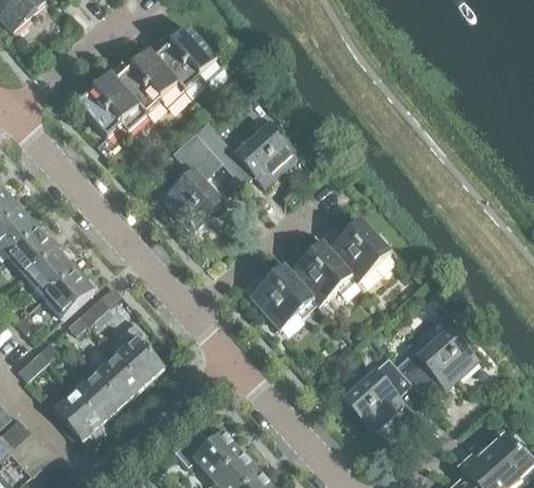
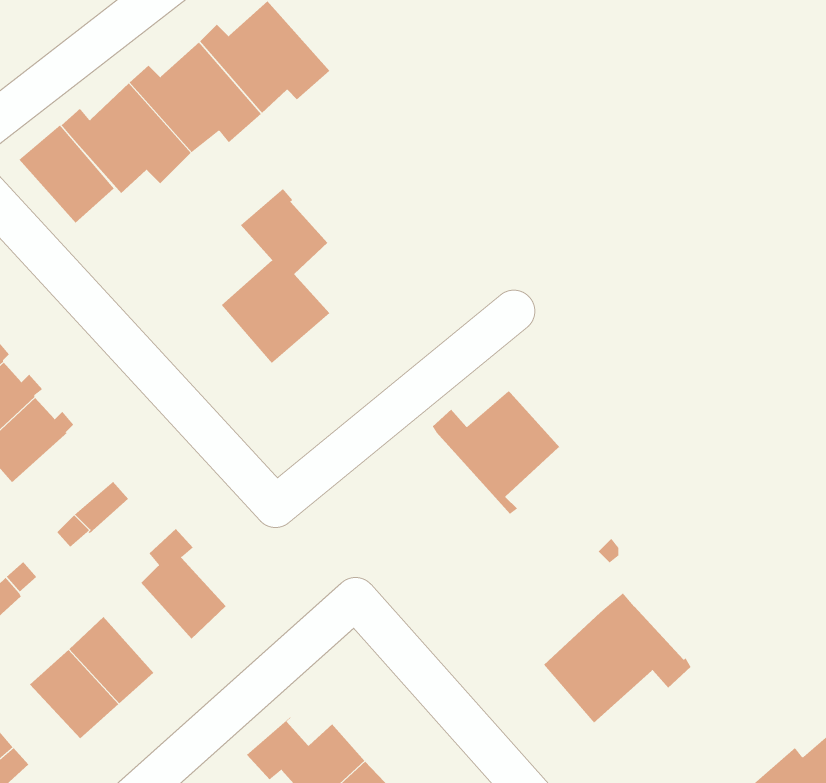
building: none -> [18,124,115,224]
building: [200,122,295,185] -> none
building: [319,219,390,290] -> none
building: [43,268,97,317] -> none
building: [242,268,312,329] -> none
building: [394,327,477,395] -> none
building: [95,353,144,403] -> none

